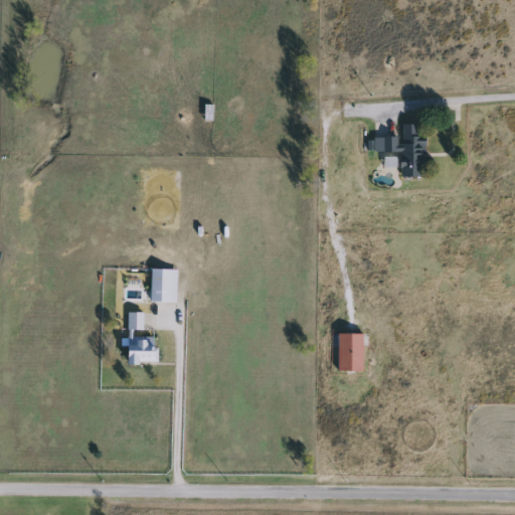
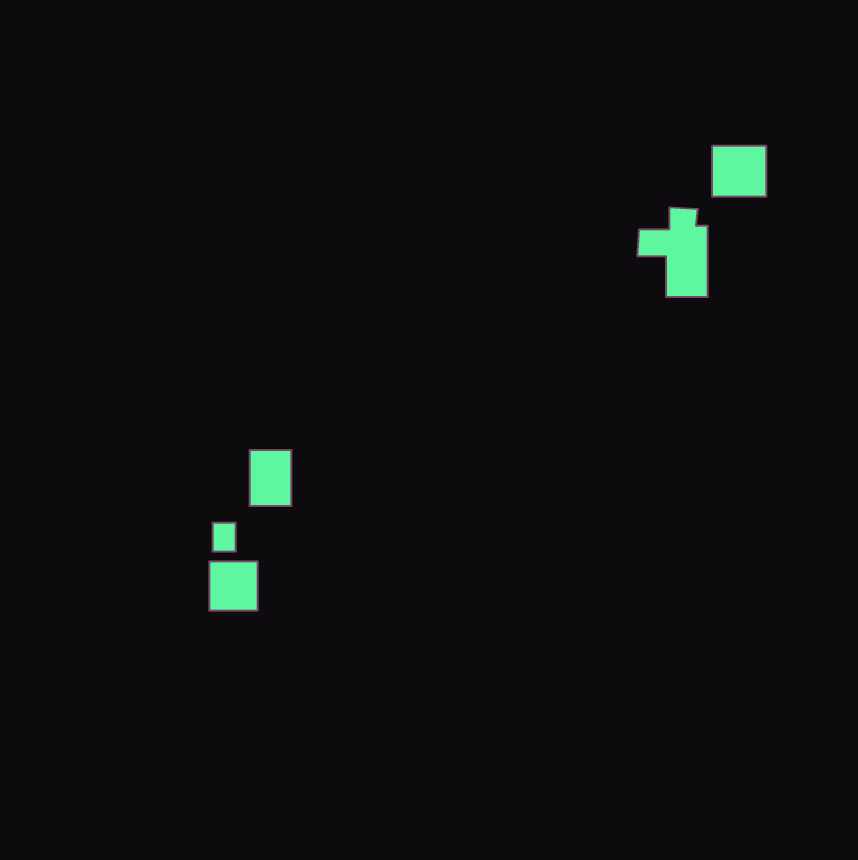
building: none -> [712,146,766,197]
building: [338,333,362,370] -> none

